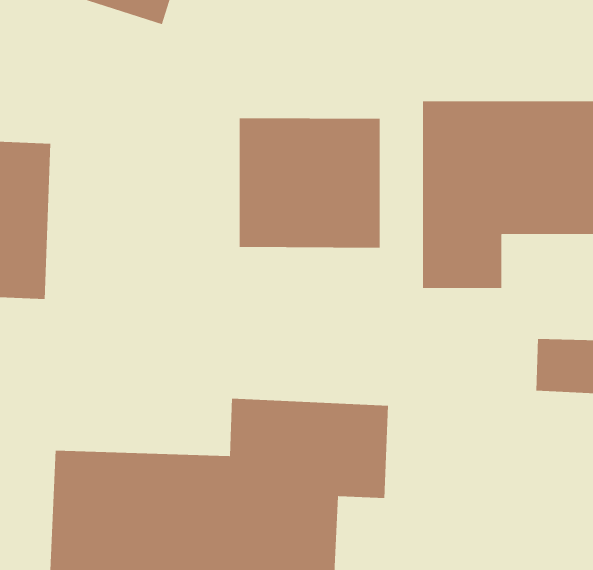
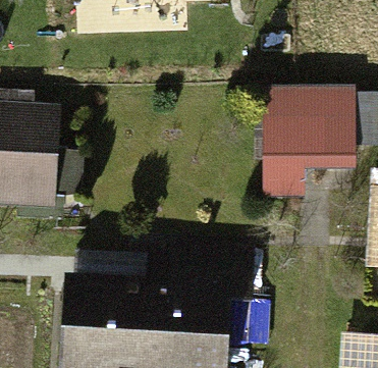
building: [239,117,380,248] -> none

